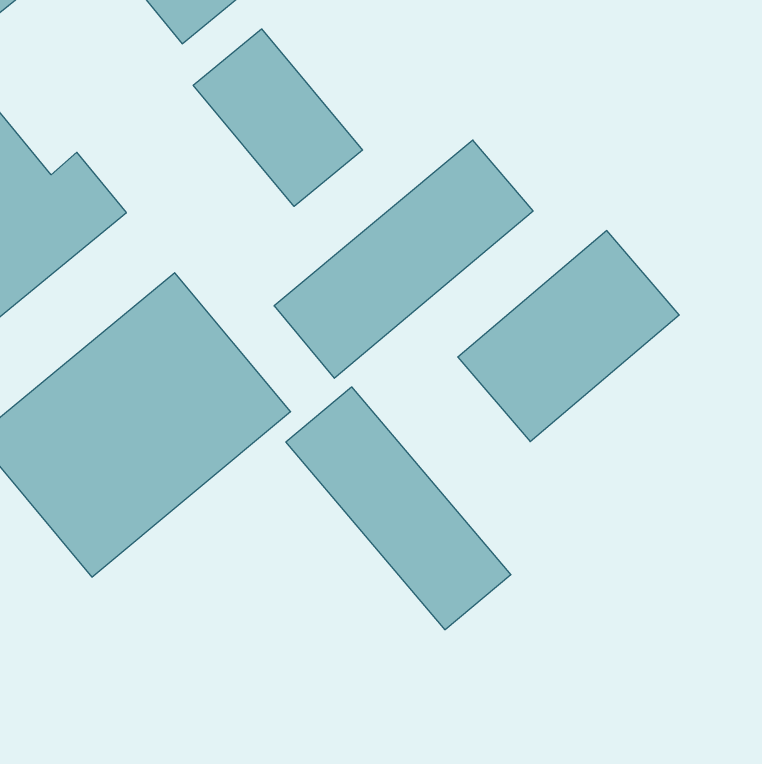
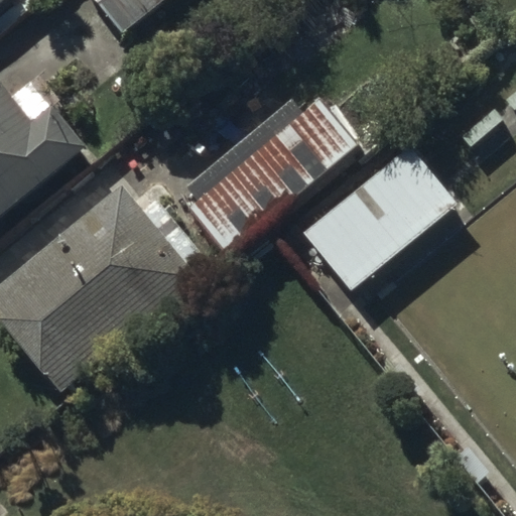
building: [193,29,363,206] -> none
building: [286,387,511,630] -> none

